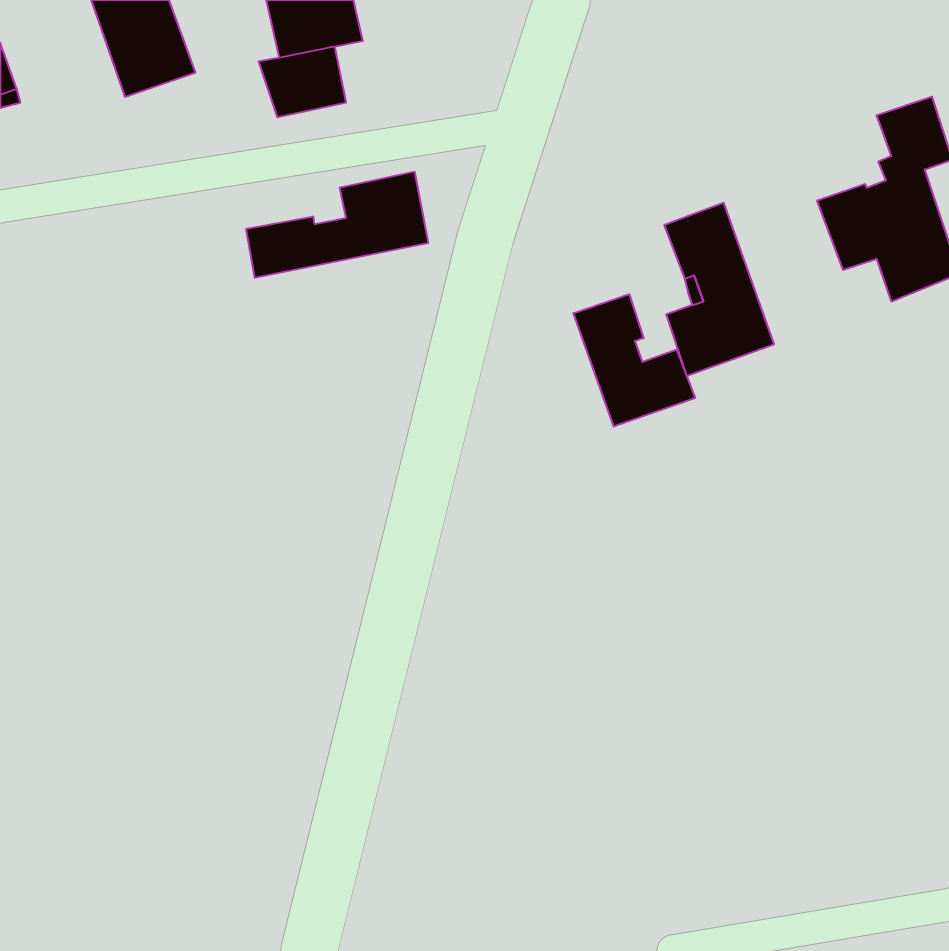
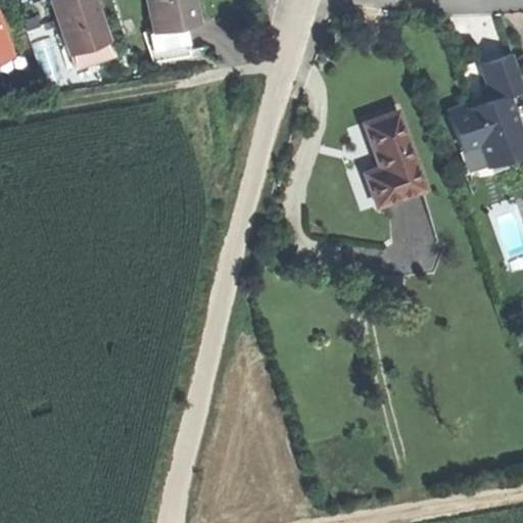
building: [246,172,428,278] -> none
building: [573,294,695,427] -> none

